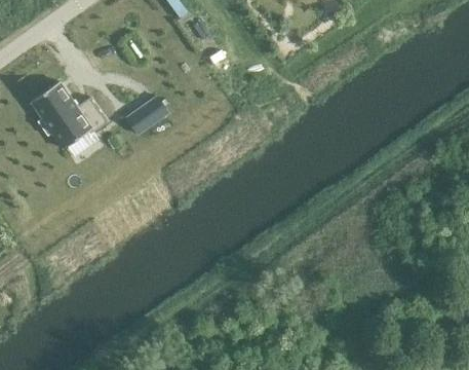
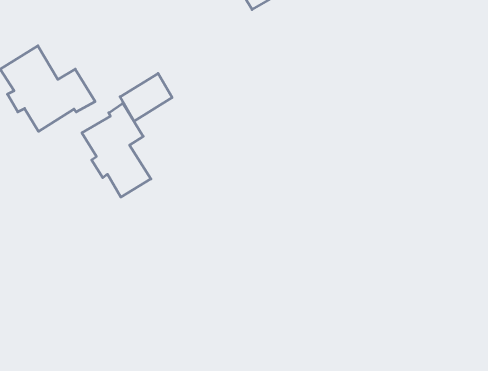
building: none -> [82,103,151,197]

